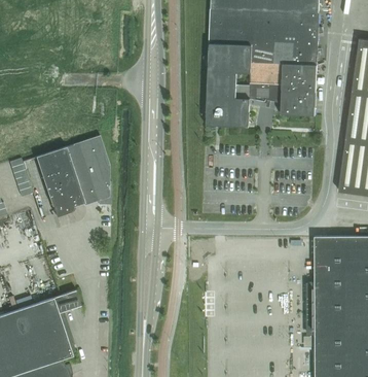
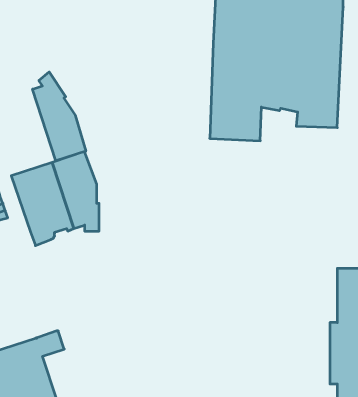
building: none -> [33,72,86,161]

